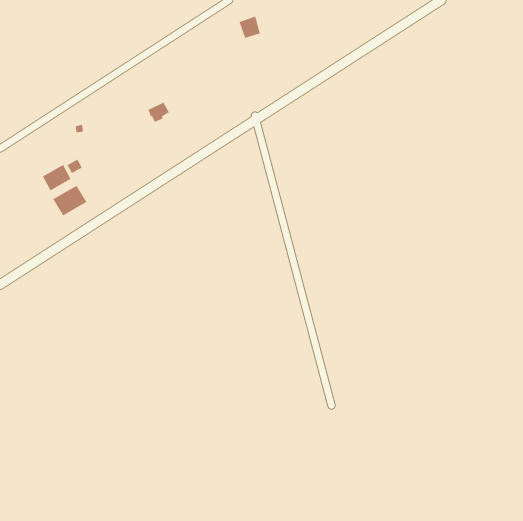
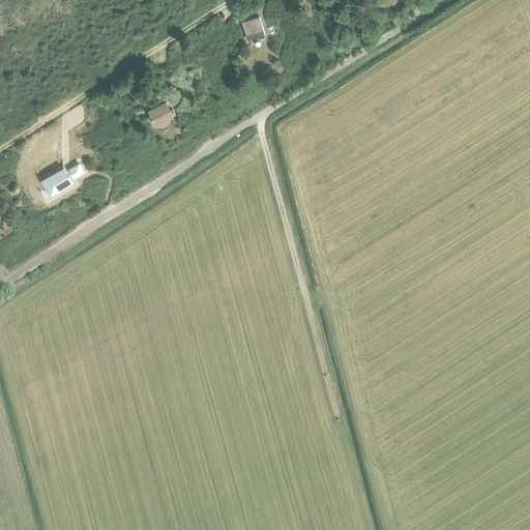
building: [52,185,88,216] -> none

